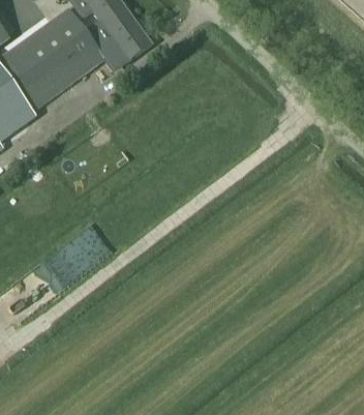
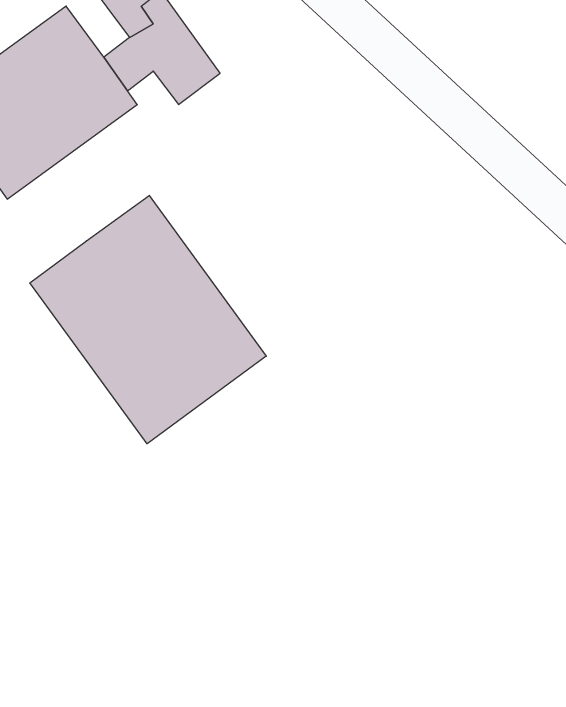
building: none -> [30,195,266,444]

